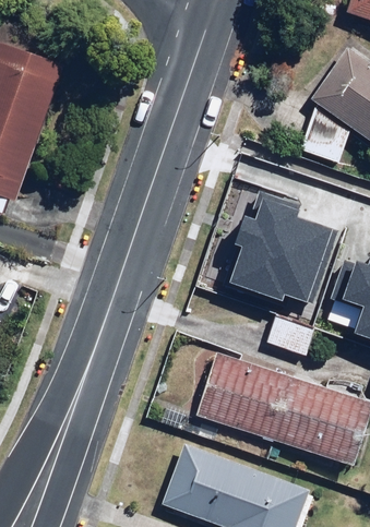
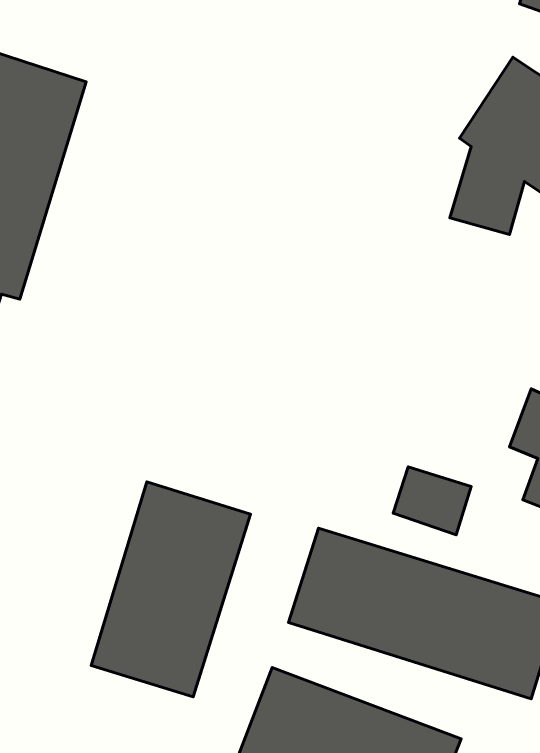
building: [227,195,334,311] -> none
building: none -> [91,482,251,697]

